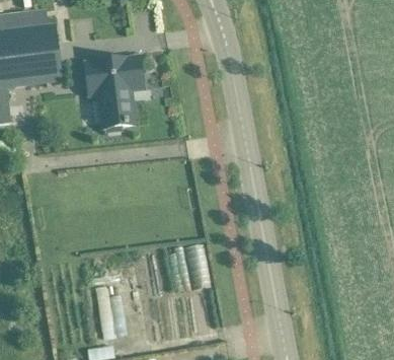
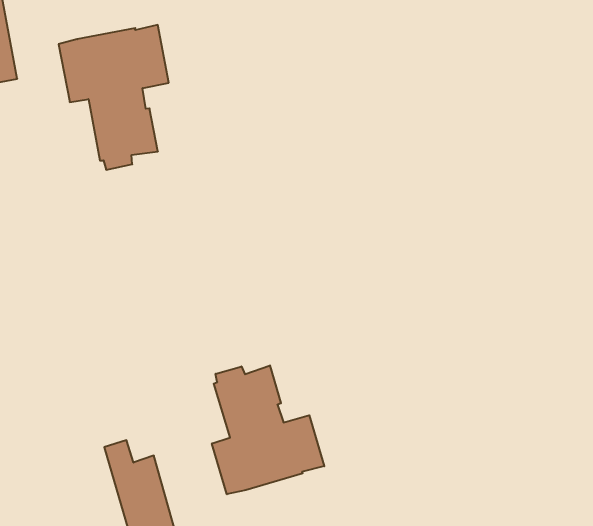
building: none -> [212,365,324,494]

